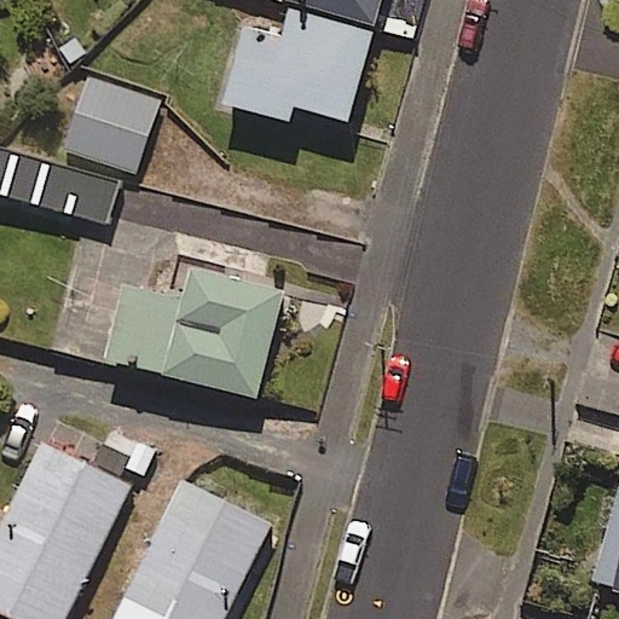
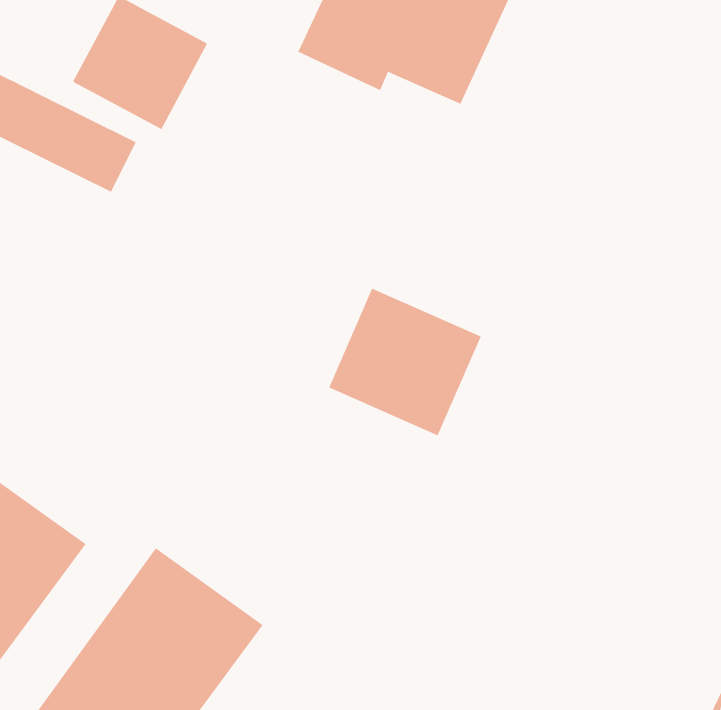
building: [51,241,283,399] -> none
building: none -> [328,288,482,436]

